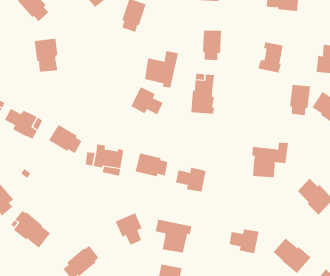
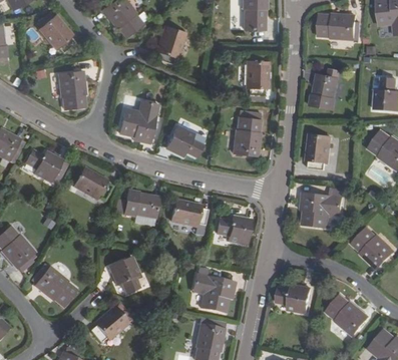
building: [144,51,179,88] -> [119,100,158,142]
building: [289,84,311,116] -> [306,134,330,169]
building: [115,212,143,246] -> [108,255,139,292]

